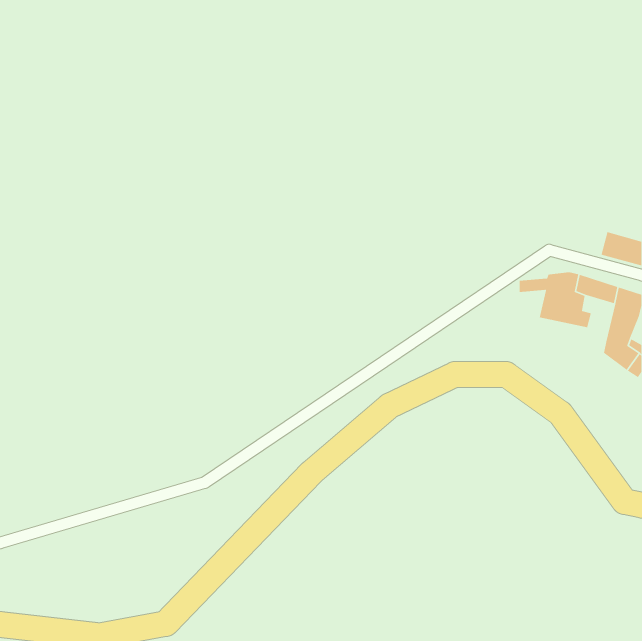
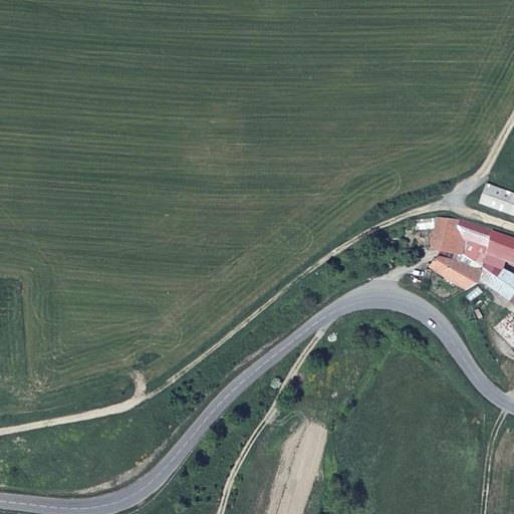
building: none -> [435,261,484,290]

